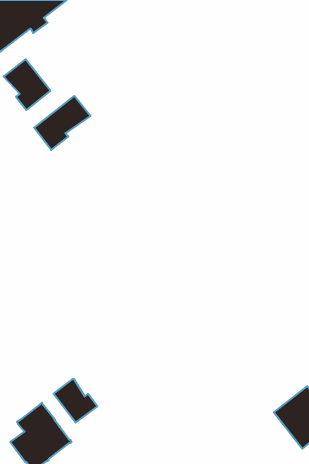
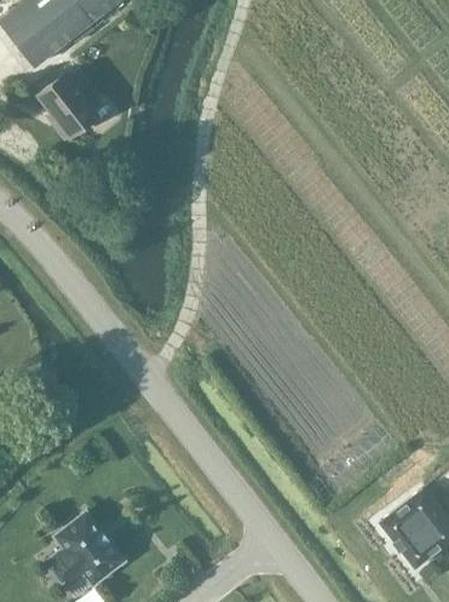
building: [34,96,90,150] -> none
building: [54,379,97,423] -> none

